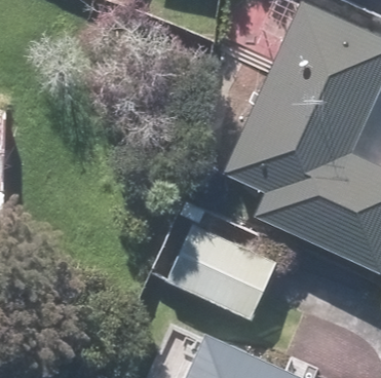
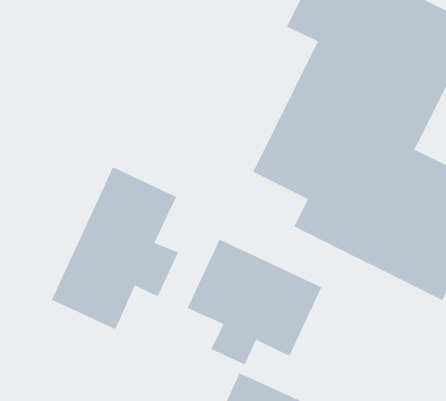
building: none -> [51,167,179,330]

